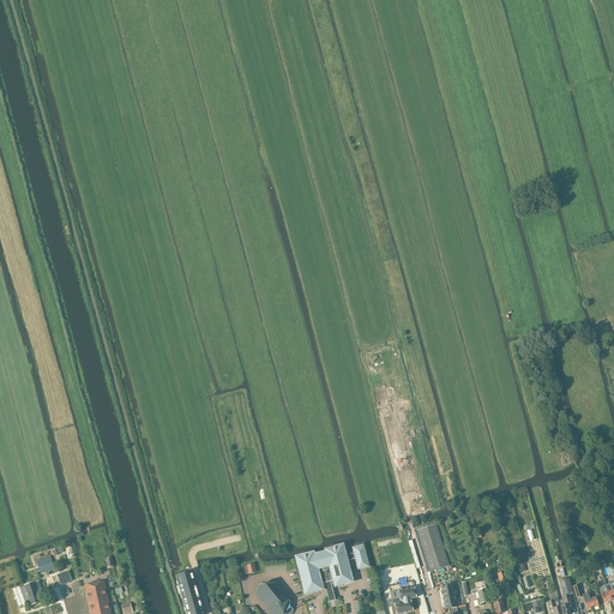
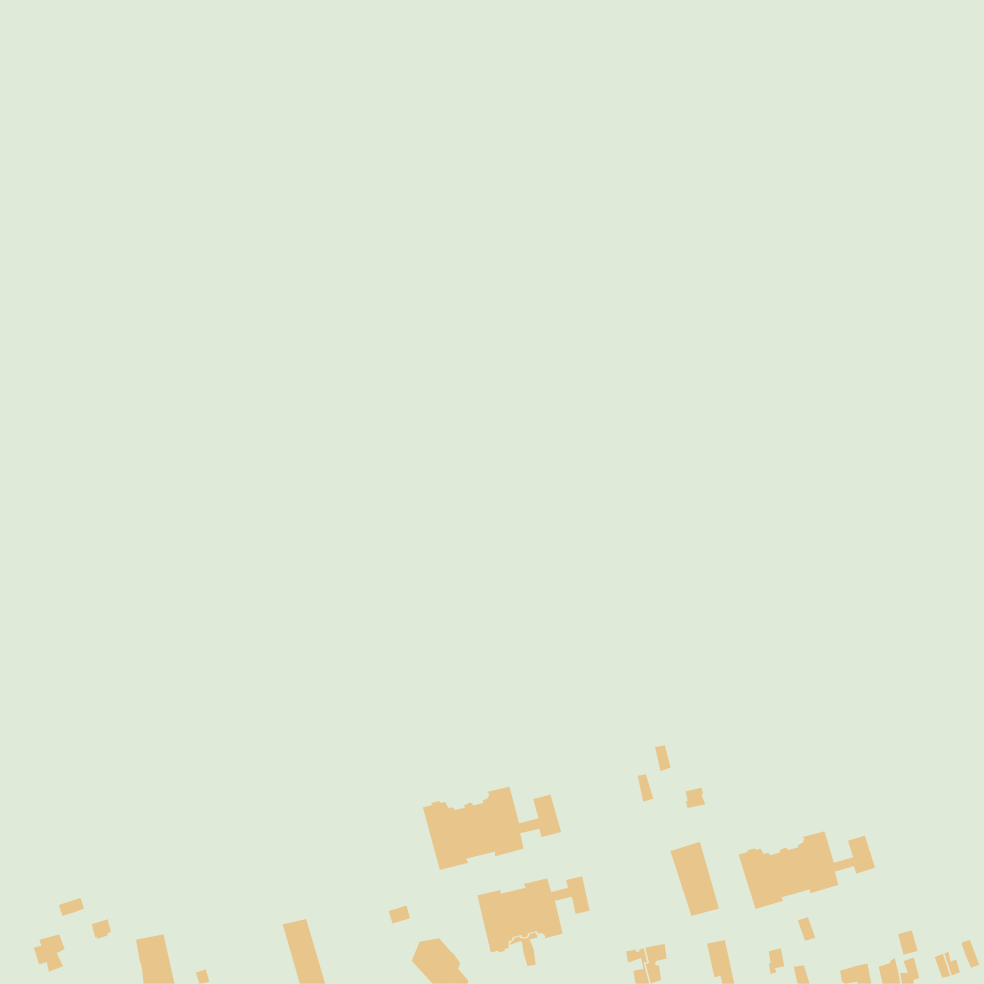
building: none -> [422,786,562,871]
building: none -> [738,830,876,910]

